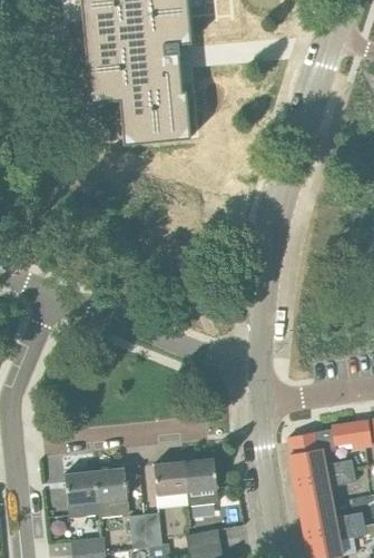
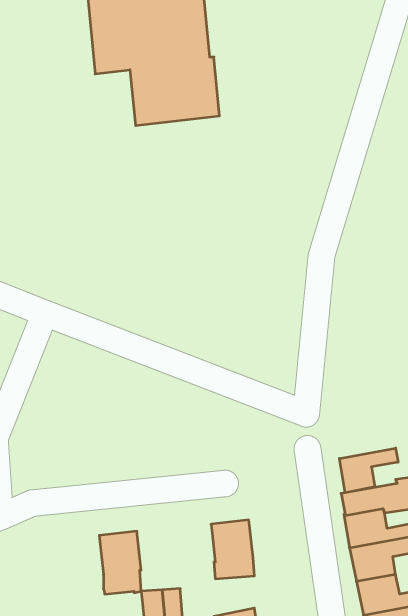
building: none -> [339,448,398,493]
building: [154,461,187,495] -> none
building: [63,470,98,517] -> none

